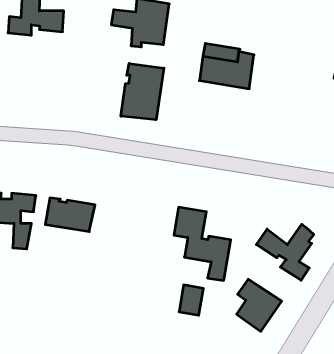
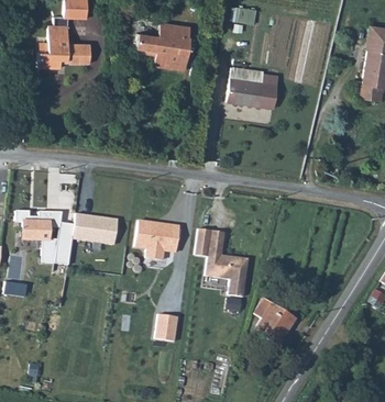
building: [121,63,164,120] -> none
building: none -> [135,216,182,257]
building: [256,224,314,280] -> none
building: [179,285,203,315] -> [156,312,179,340]

